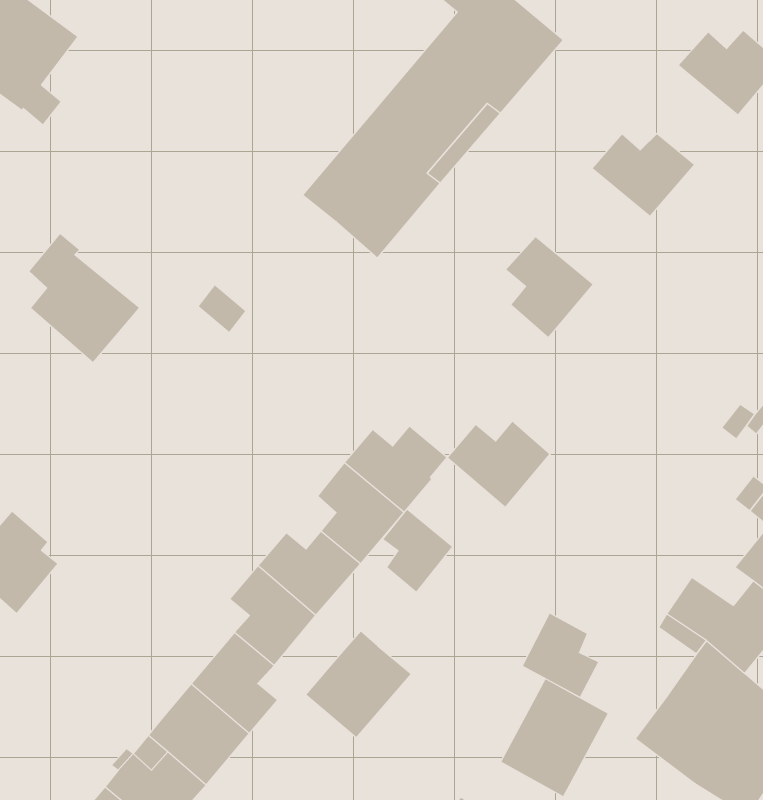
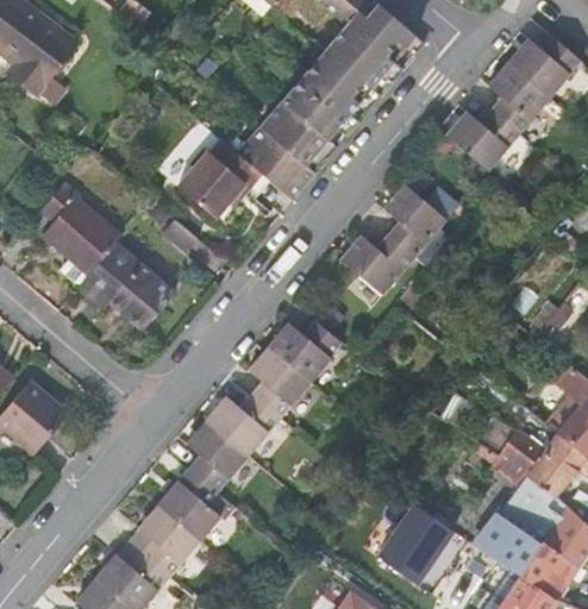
building: none -> [488,62,550,133]
building: none -> [177,146,262,218]
building: none -> [77,243,174,329]
building: [447,421,550,507] -> [340,233,414,295]
building: [382,509,453,592] -> none
building: [522,613,599,698] -> none
building: [306,631,411,738] -> none

